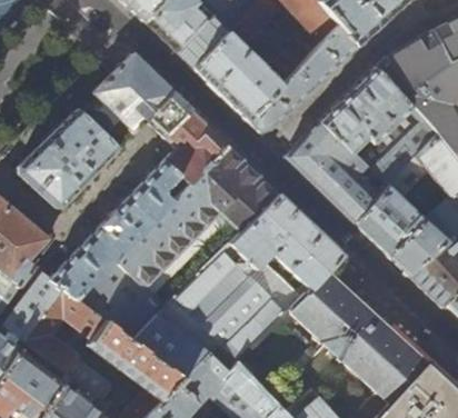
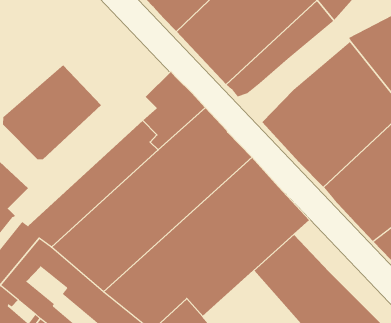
building: [78,53,190,148] -> none

